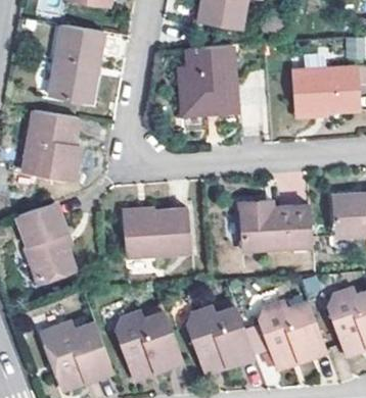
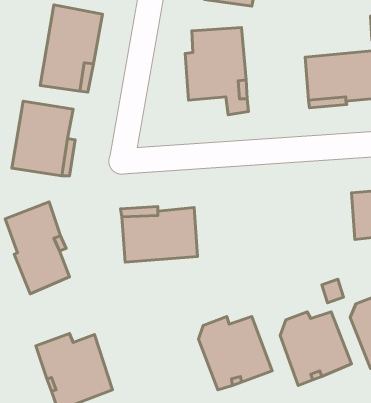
building: [239,201,310,250] -> none
building: [117,311,182,379] -> none

